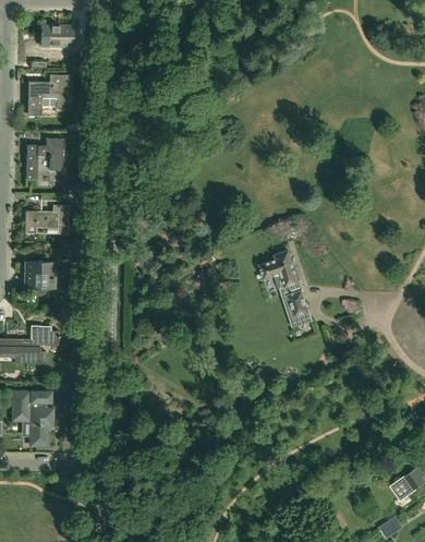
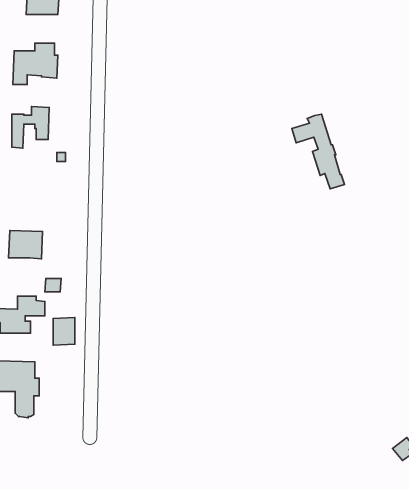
building: [25,205,69,234] -> none
building: [259,251,312,325] -> [292,114,344,189]
building: none -> [53,318,75,345]

